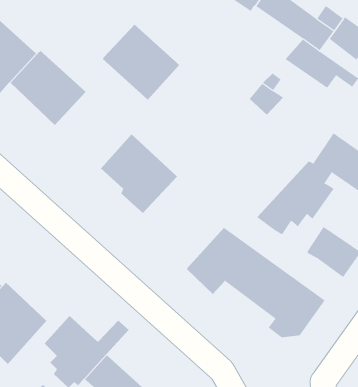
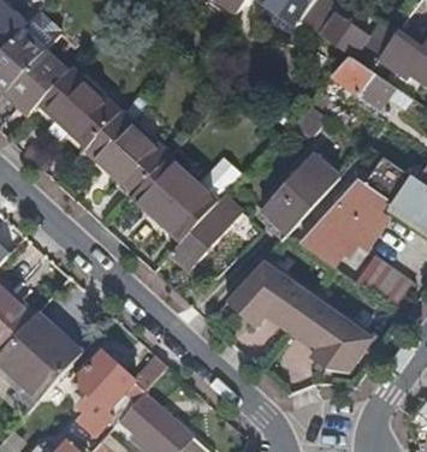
building: [102,24,179,100] -> [85,112,168,194]
building: none -> [259,155,339,238]
building: none -> [170,195,242,268]

